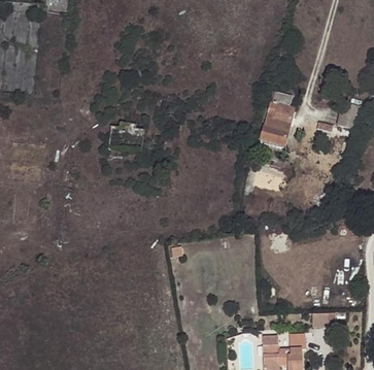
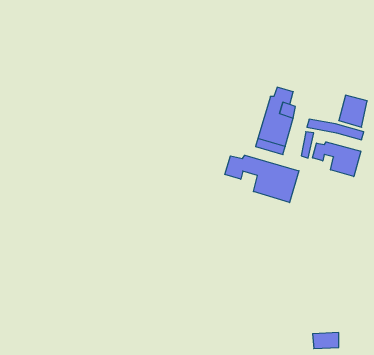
building: none -> [313,142,361,177]
building: none -> [225,155,299,203]

